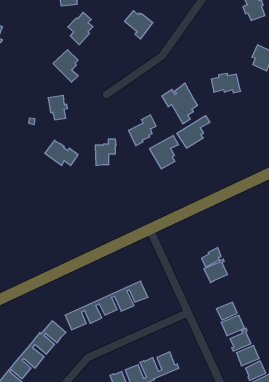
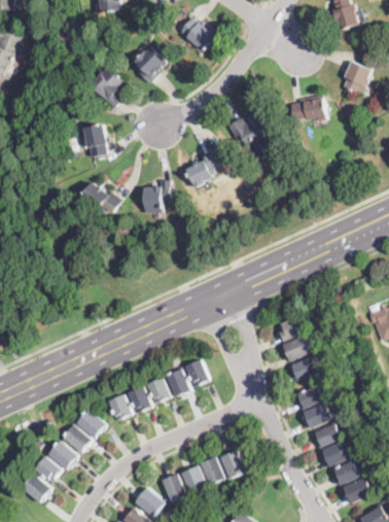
building: [68,12,93,45] -> [134,42,166,83]
building: [177,116,210,148] -> none
building: [150,135,178,169] -> none
building: none -> [290,355,319,381]

